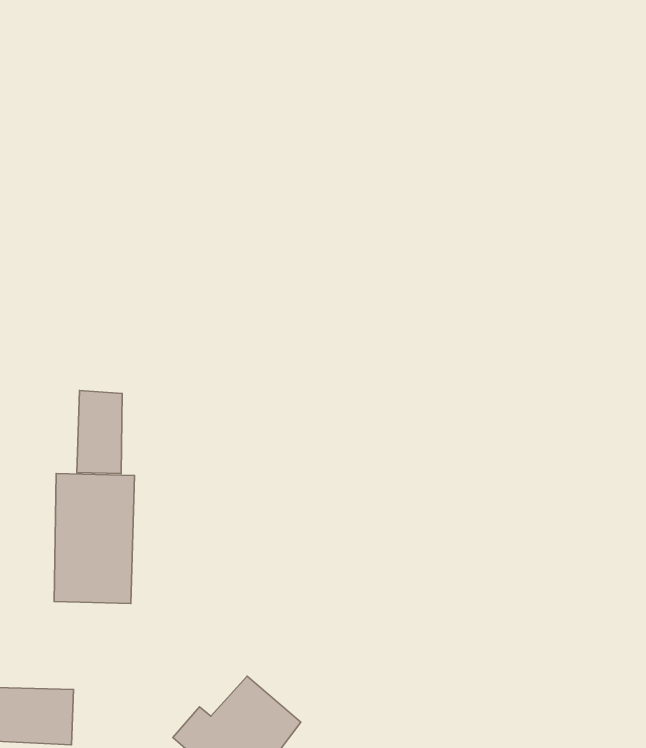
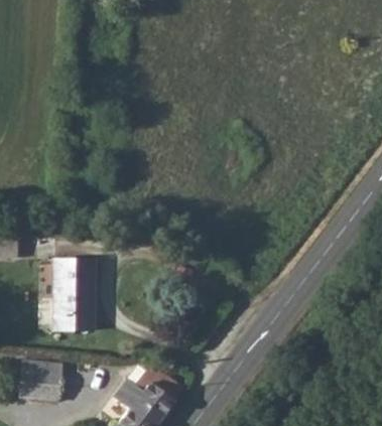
building: [77,390,122,474] -> none

